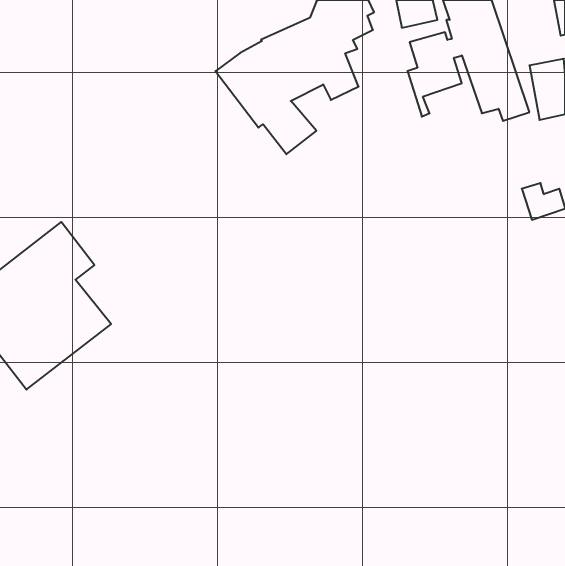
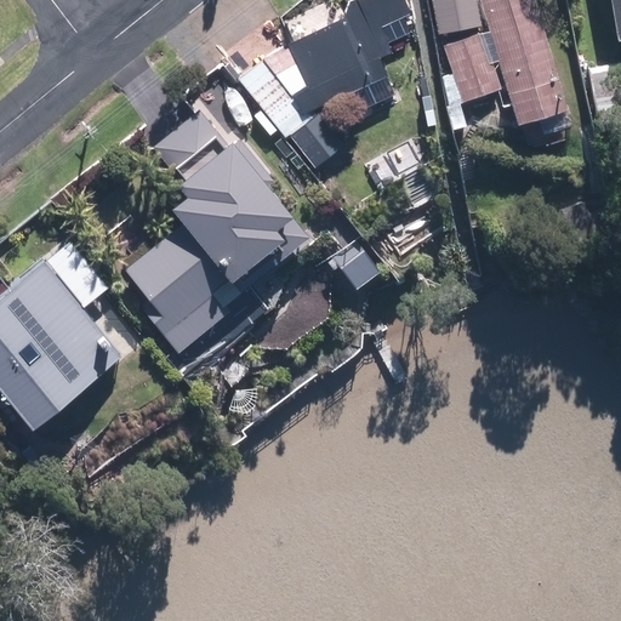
building: none -> [123,108,306,352]

